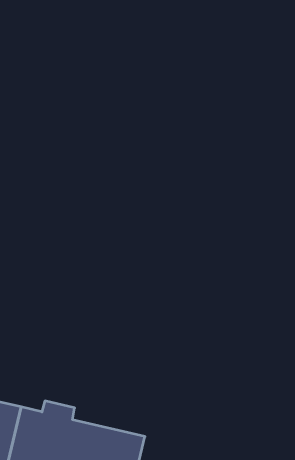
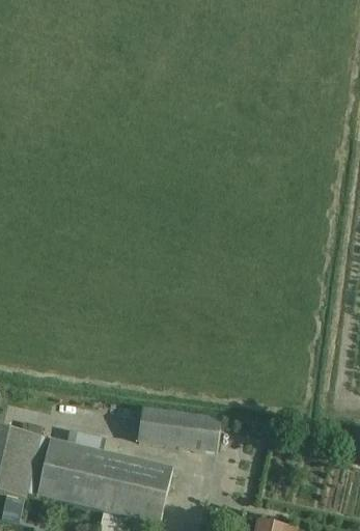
building: none -> [137,408,222,452]

